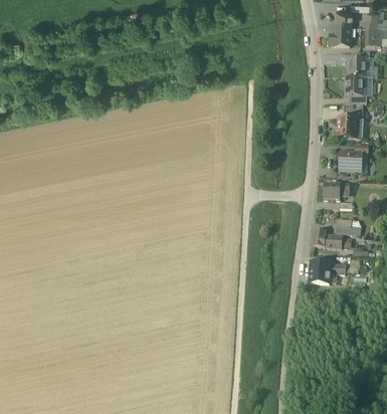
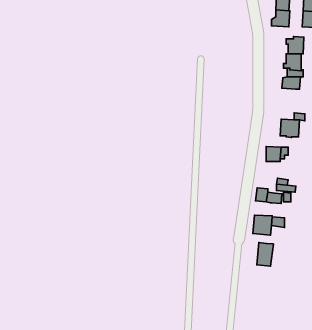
building: [339,116,360,138] -> none
building: none -> [257,243,273,266]

